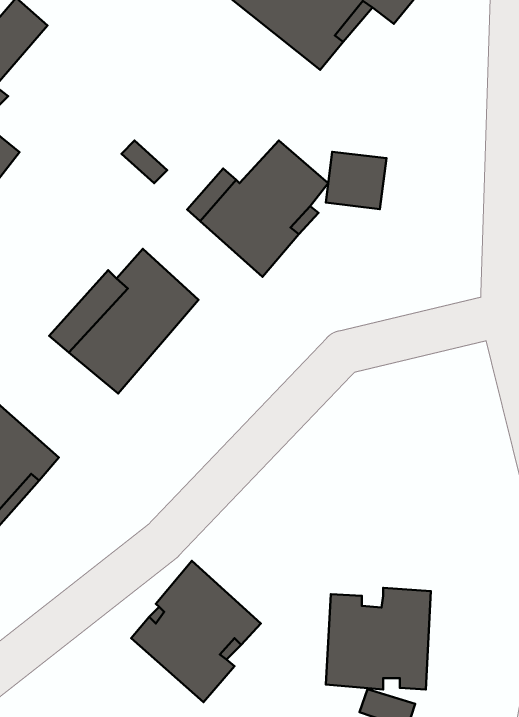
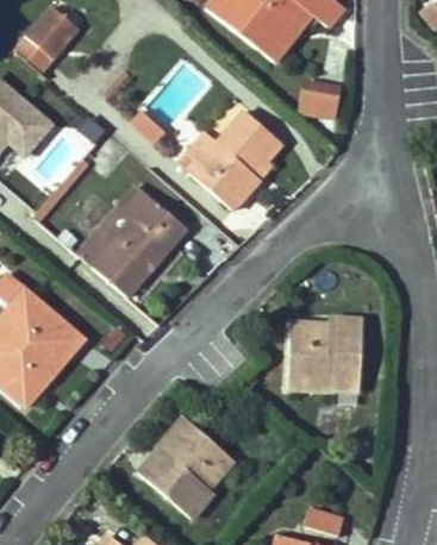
building: [326,152,386,209] -> [298,75,342,117]
building: [326,588,431,690] -> [287,317,363,390]

